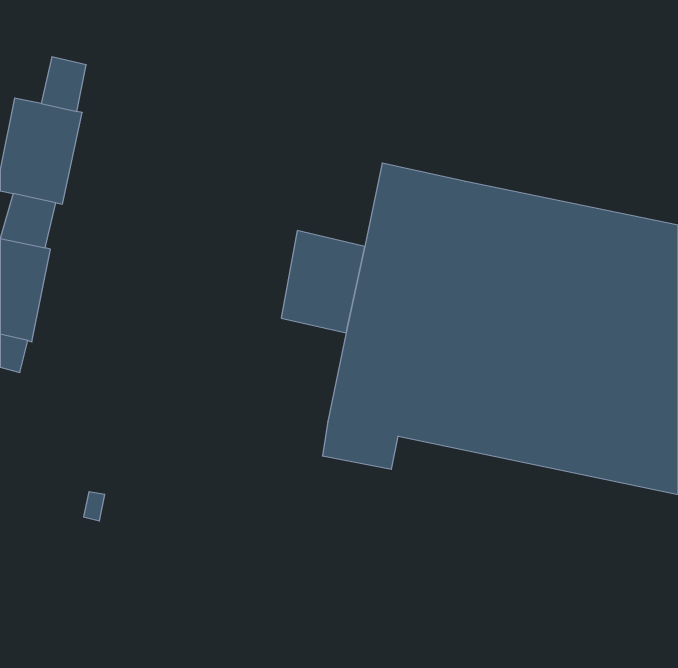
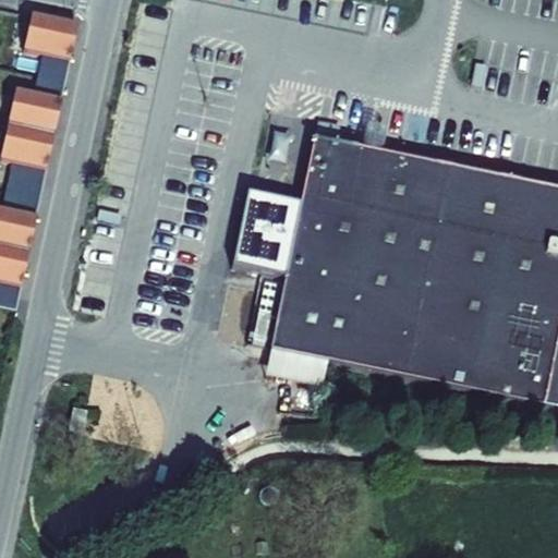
building: none -> [24,7,83,54]

